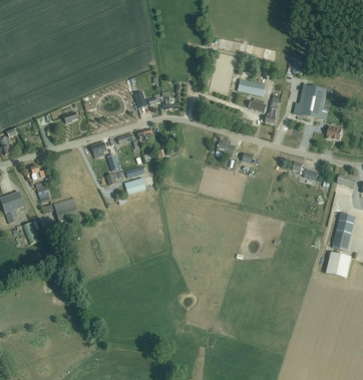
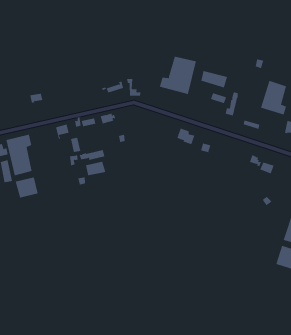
building: none -> [159,56,197,95]
building: none -> [6,134,32,176]

